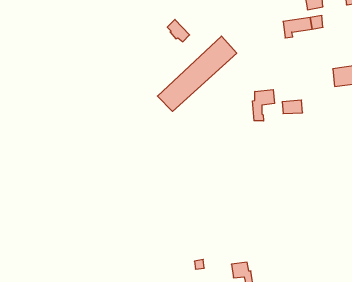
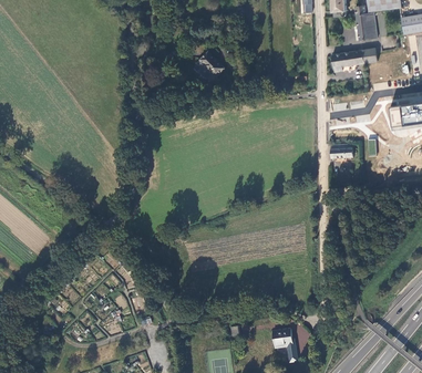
building: [157,36,237,111] -> none
building: [253,90,275,121] -> none

